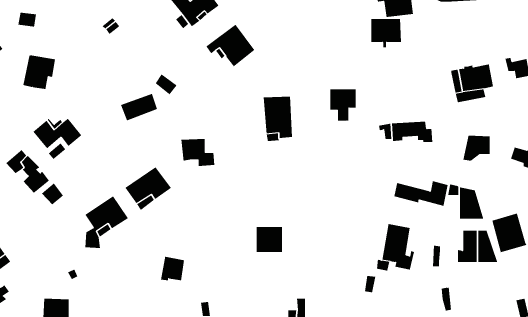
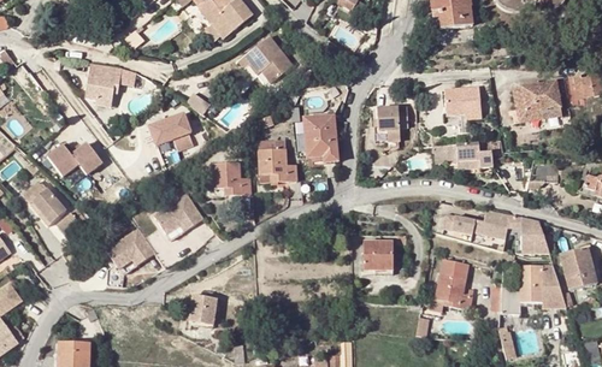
building: [371,19,402,48] -> [445,88,480,120]
building: [22,55,56,90] -> [84,64,122,102]
building: none -> [258,149,296,183]
building: [256,226,283,252] -> [362,242,393,271]

